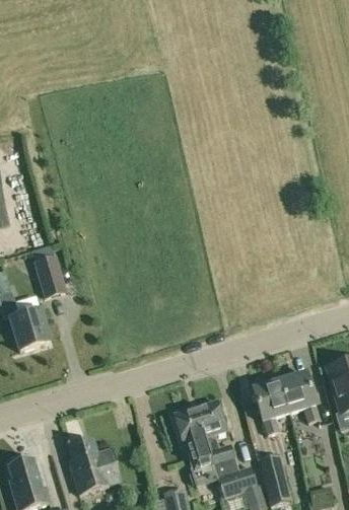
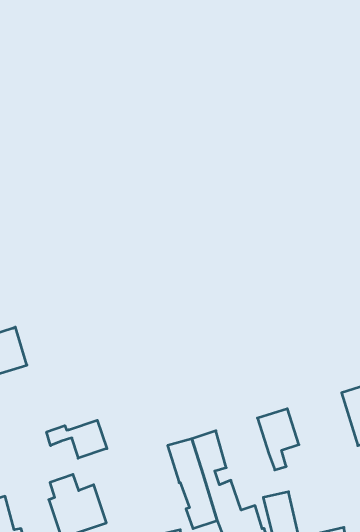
building: [30,245,67,298] -> none
building: [279,372,320,422] -> none
building: none -> [47,420,107,458]

